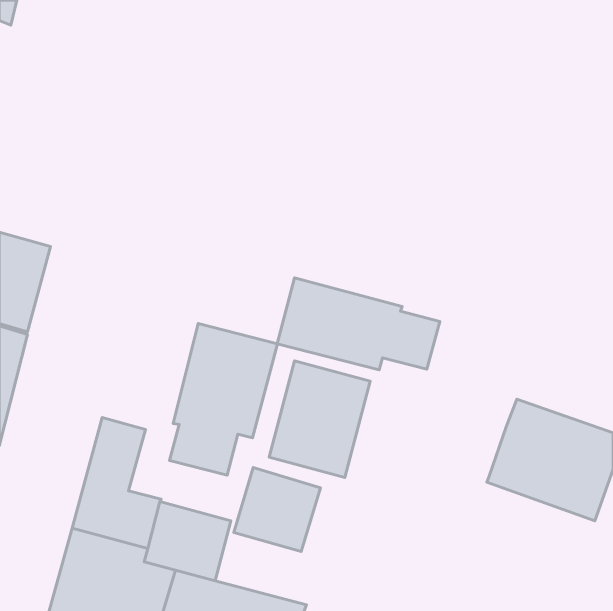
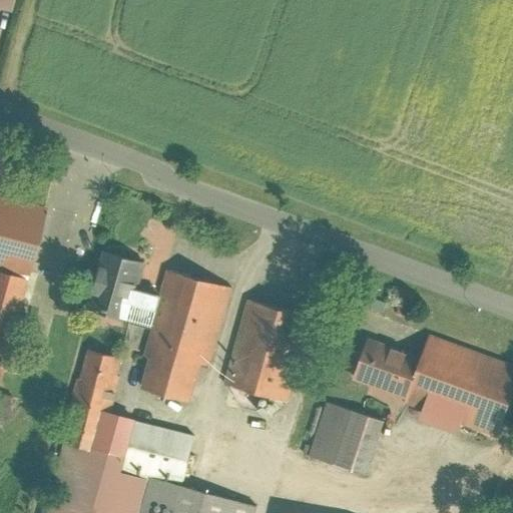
building: [277,278,440,370] -> none
building: none -> [86,252,159,326]
building: none -> [353,339,422,400]
building: [234,467,320,552] -> [309,404,381,474]

